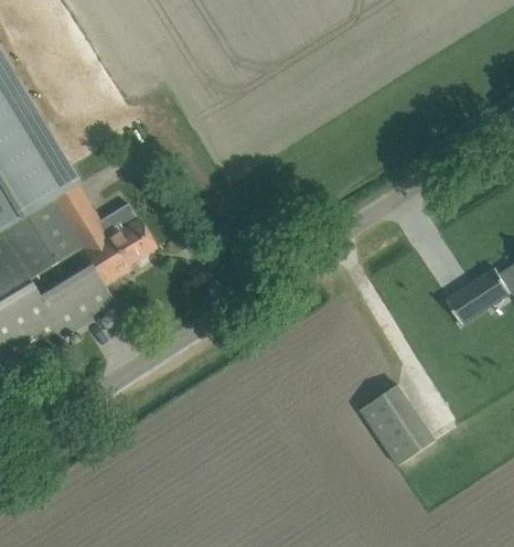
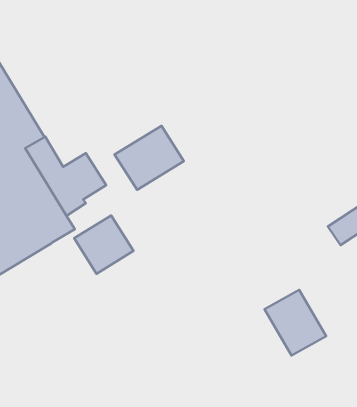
building: none -> [115,126,184,190]
building: none -> [74,216,134,274]

